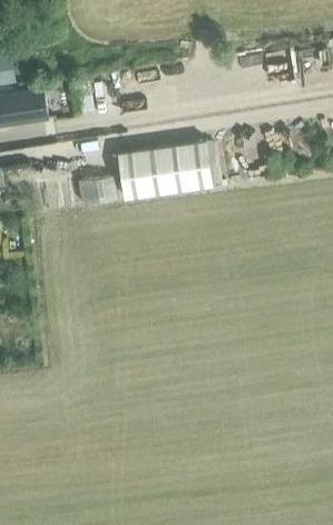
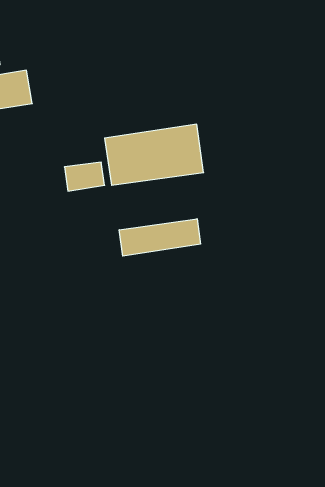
building: none -> [119,219,200,256]

